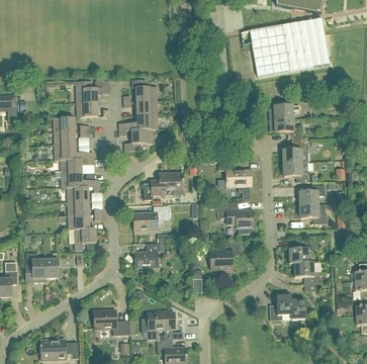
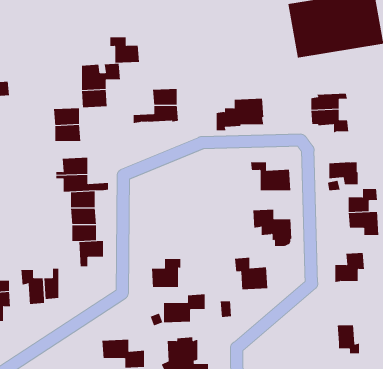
building: [131,79,157,101] -> [110,37,140,63]
building: [124,127,153,151] -> none
building: [282,143,307,163] -> none
building: [54,145,93,160] -> none
building: [144,172,184,199] -> [216,98,264,131]
building: [133,205,169,230] -> [163,294,205,323]
building: [293,261,319,283] -> none
building: [269,293,291,320] -> none

